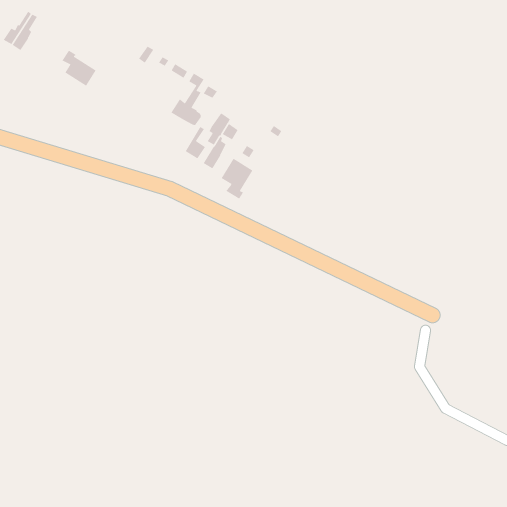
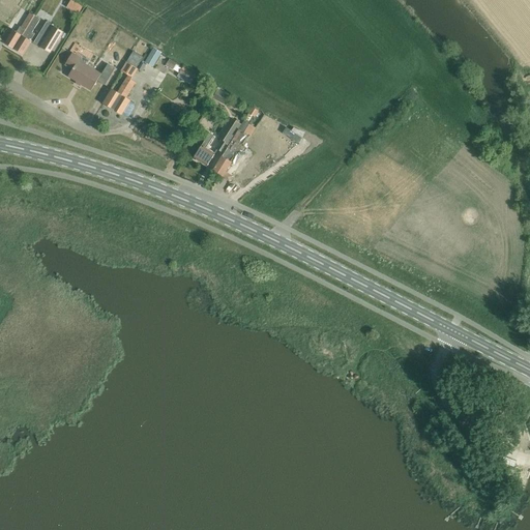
building: none -> [32,21,62,52]
building: [171,73,204,125] -> [101,61,137,116]
building: [221,158,253,200] -> none

